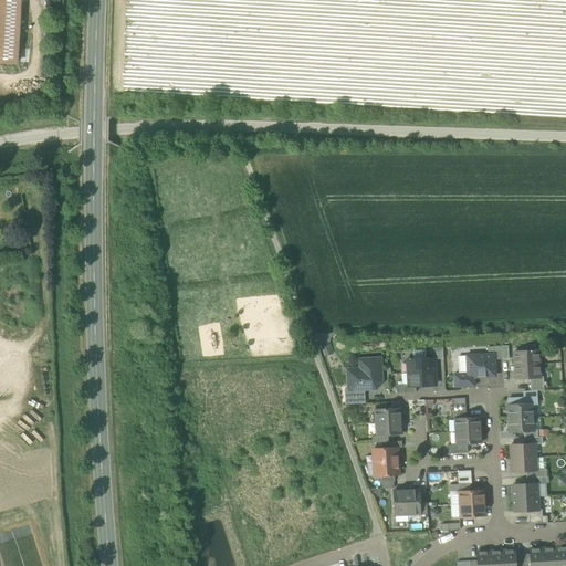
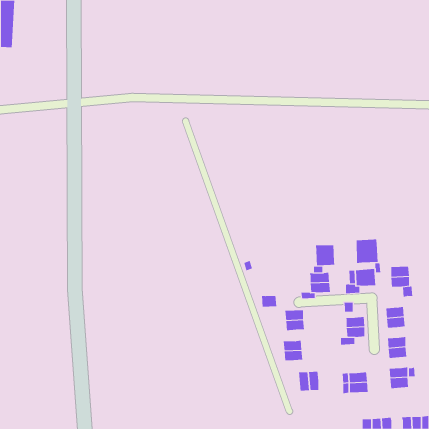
building: none -> [356,239,378,264]
building: none -> [315,245,335,266]
building: [348,359,381,389] -> none

